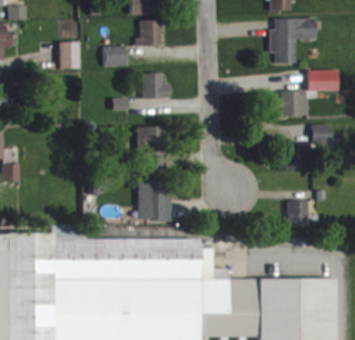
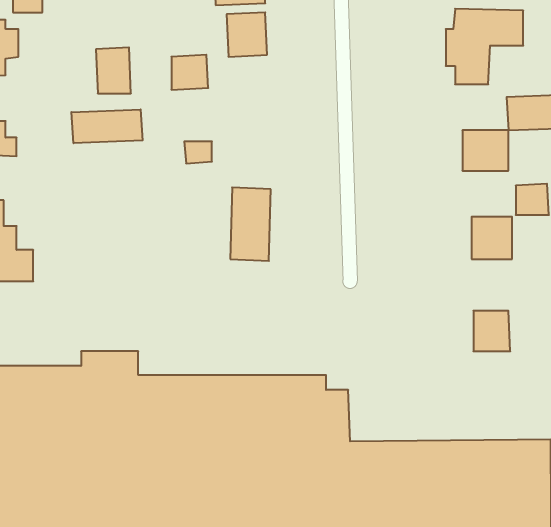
building: [142,71,171,98] -> none
building: none -> [71,109,143,143]
building: [139,178,174,218] -> none

